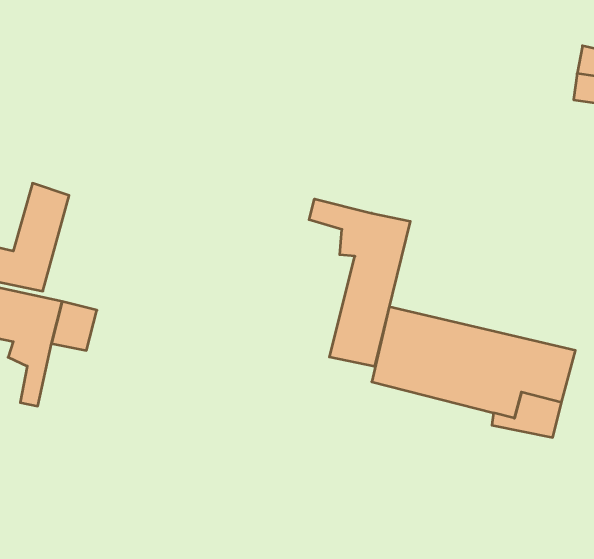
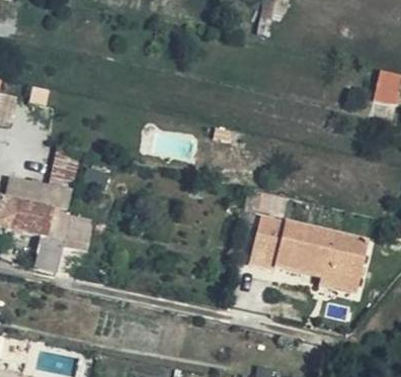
building: [309,199,410,367] -> none

